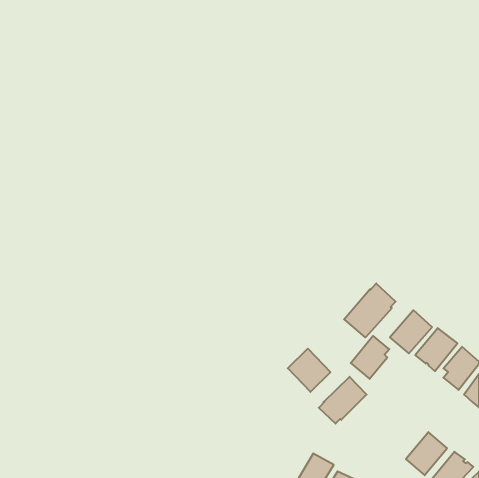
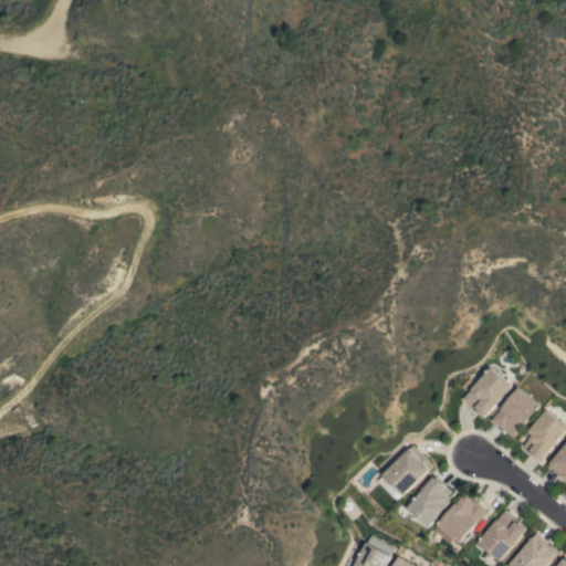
building: [344,283,396,337] -> none
building: [351,336,389,379] -> [407,476,452,527]
building: [288,349,330,392] -> none
building: none -> [434,493,486,544]

